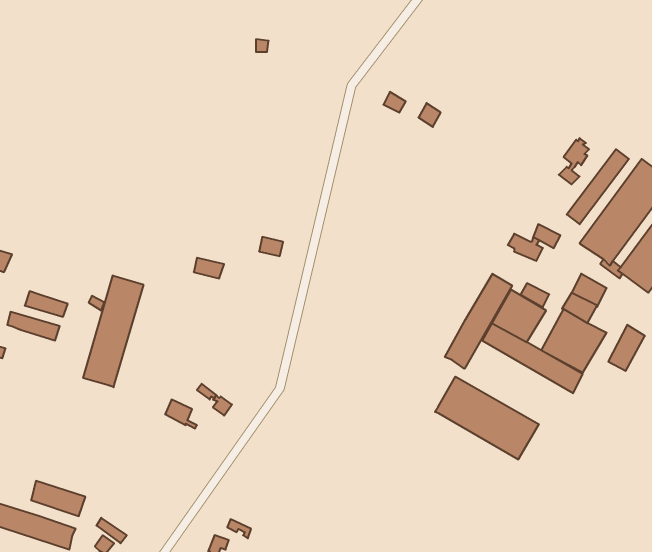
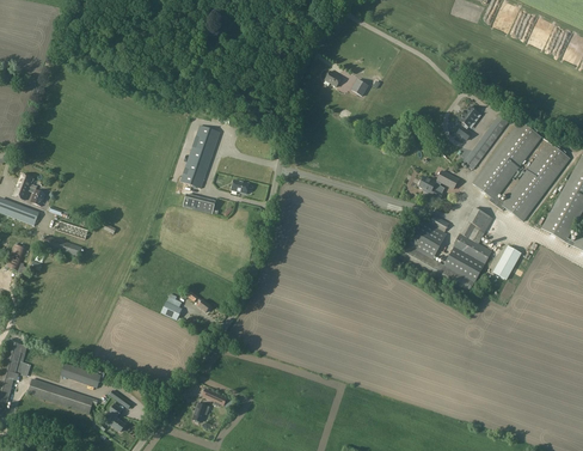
building: none -> [182,123,221,187]
building: [445,274,512,369] -> none
building: [83,275,143,387] -> none
building: [435,377,539,460] -> none

